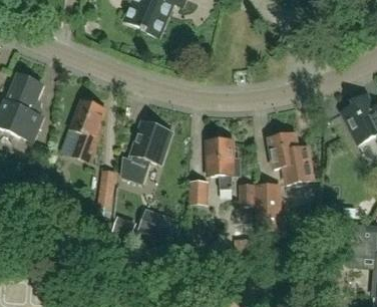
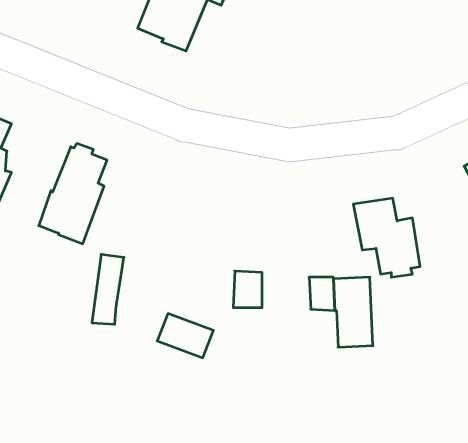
building: [121,120,167,182] -> none
building: [206,135,240,189] -> none

